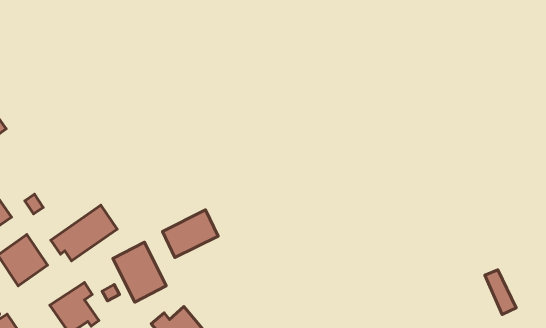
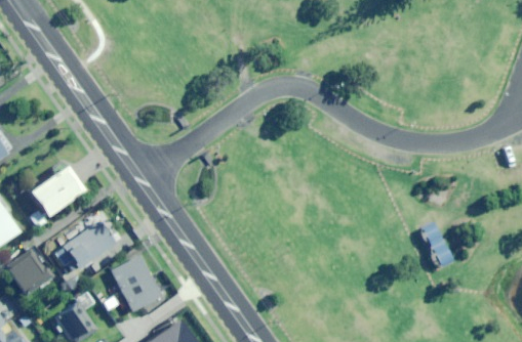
building: none -> [30,166,84,217]
building: [162,210,218,258] -> none
building: [485,270,516,314] -> [425,226,454,268]

